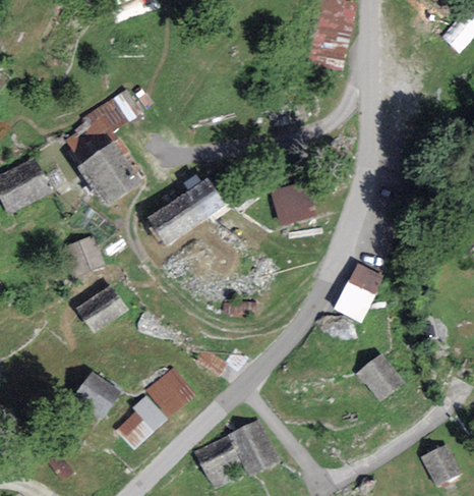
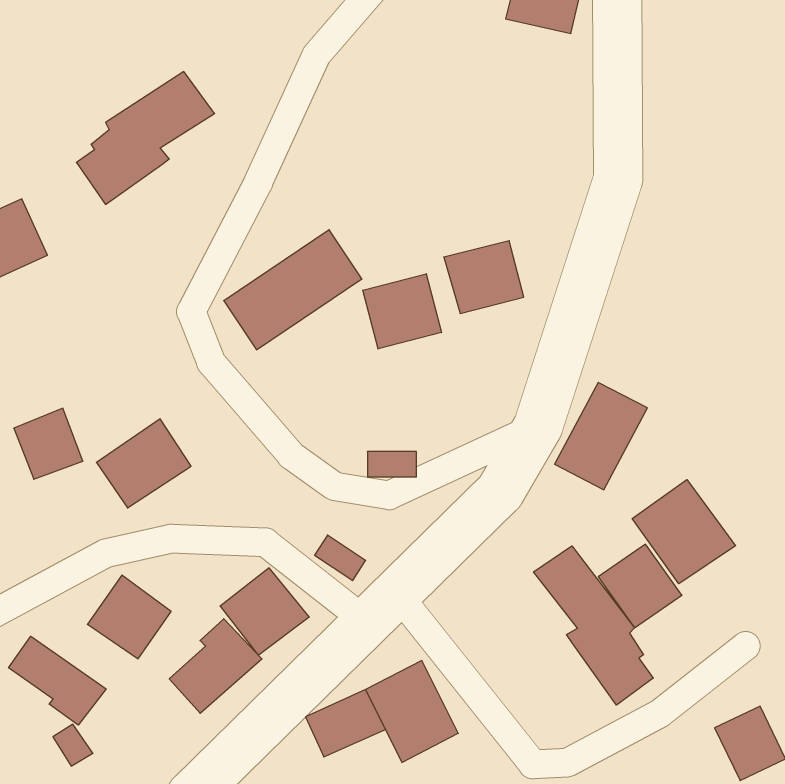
building: [76,142,142,208] -> none
building: none -> [363,274,441,349]
building: [65,235,104,275] -> [14,408,83,479]
building: none -> [632,480,736,584]
building: none -> [534,546,653,705]
building: none -> [9,636,106,725]

